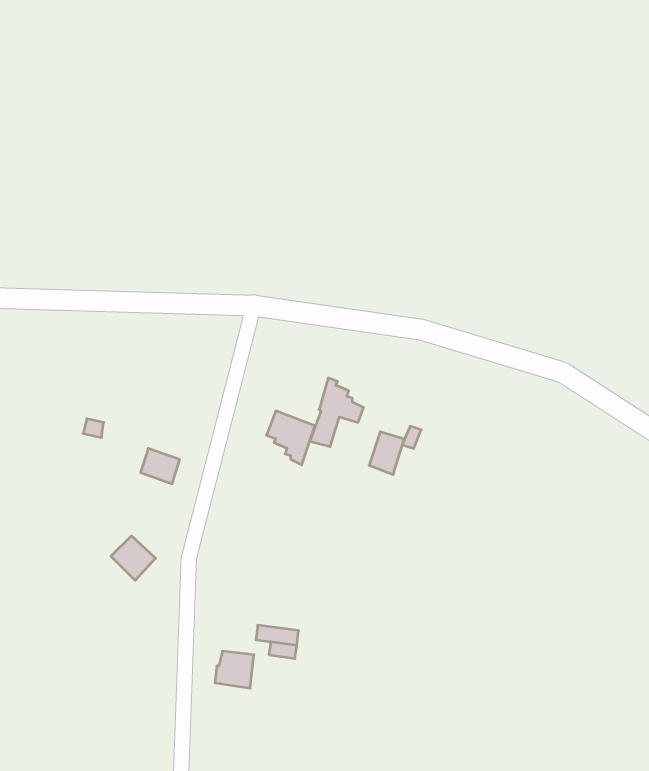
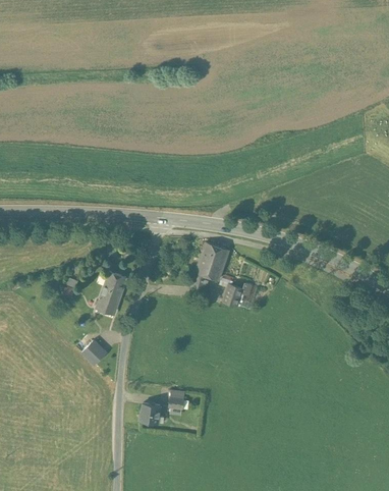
building: none -> [102,272,126,301]
building: [266,411,315,465] -> [201,242,227,272]

